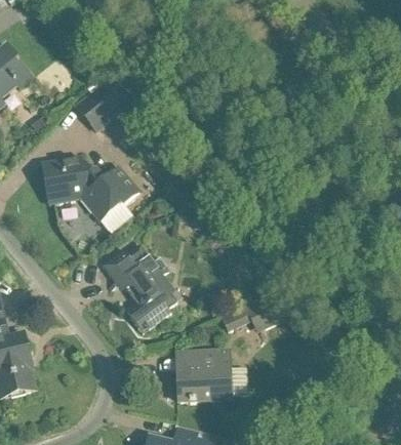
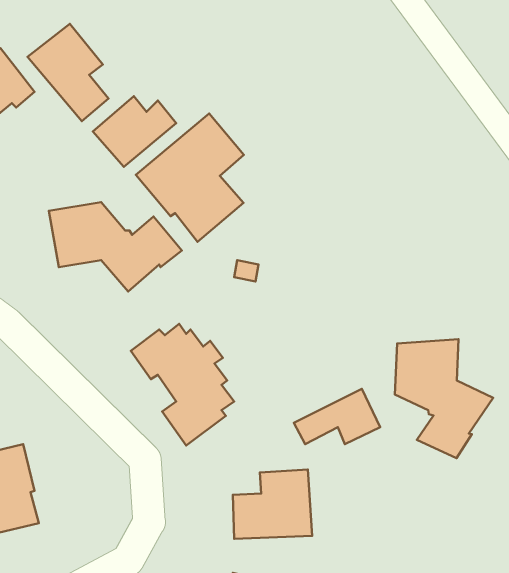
building: none -> [28,24,109,121]
building: none -> [136,113,244,242]
building: none -> [395,339,493,458]

